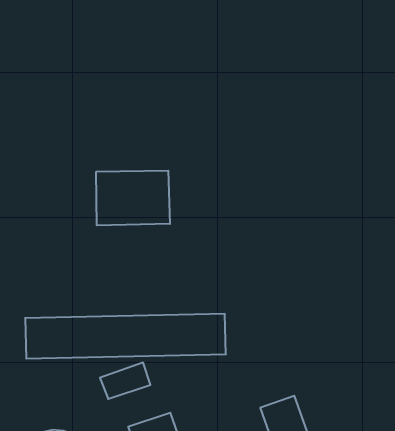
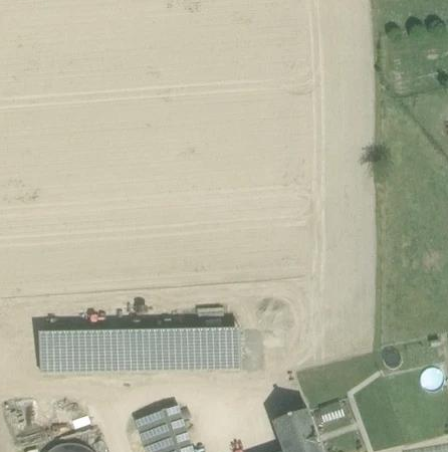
building: [96,171,170,225] -> none
building: [100,363,150,399] -> [134,405,184,441]

